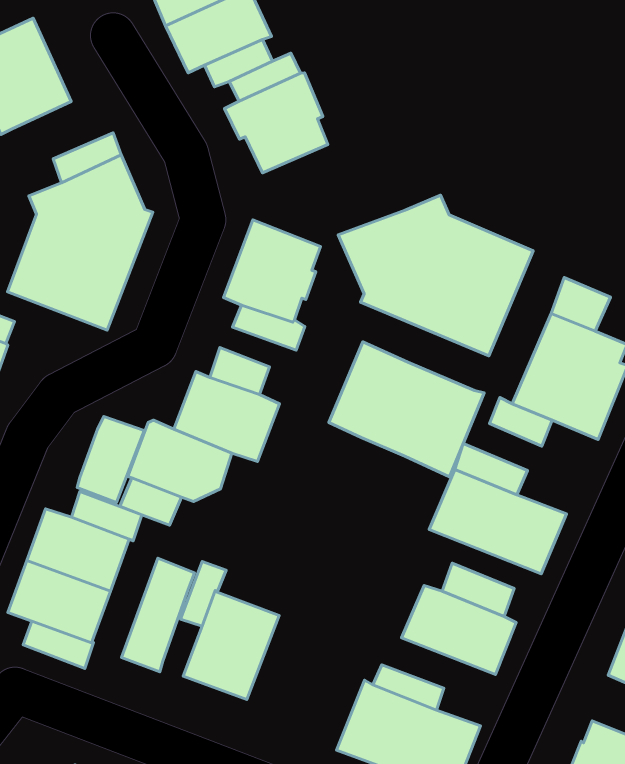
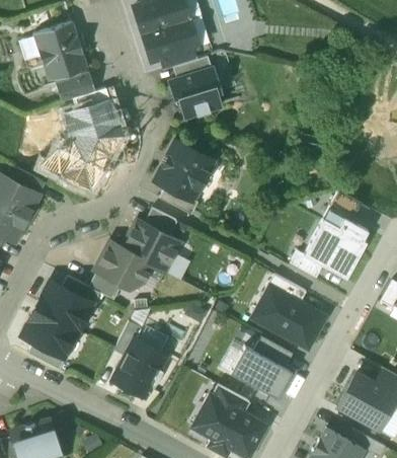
building: none -> [54,68,94,101]
building: [338,195,533,356] -> none
building: [329,342,484,477] -> none
building: [77,416,144,503] -> none
building: [122,558,194,672] -> none

